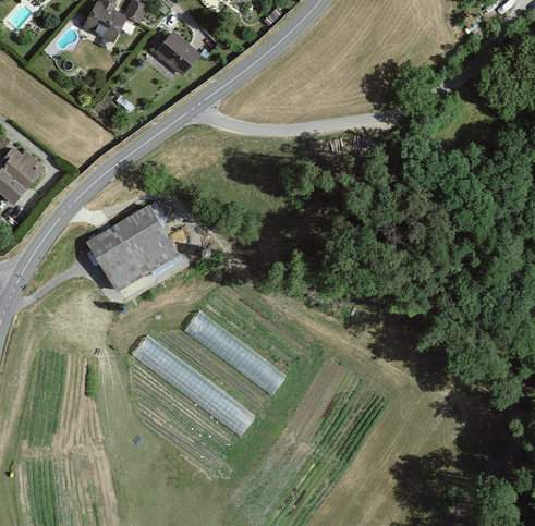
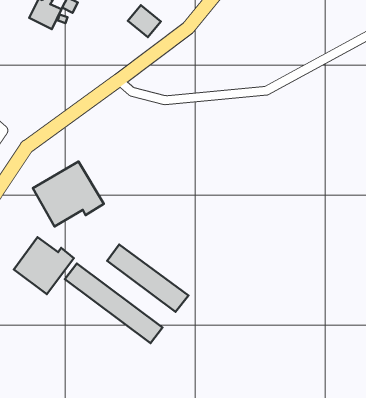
building: [157,32,198,72] -> [128,5,161,37]
building: none -> [14,237,74,294]

